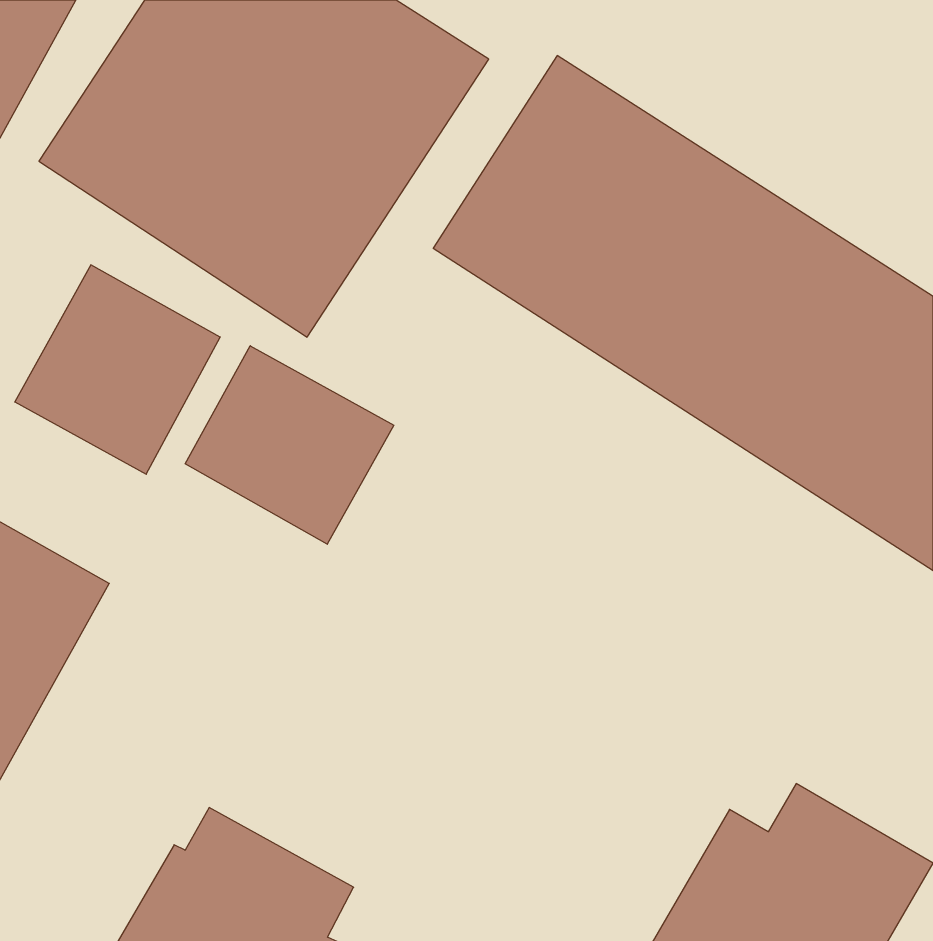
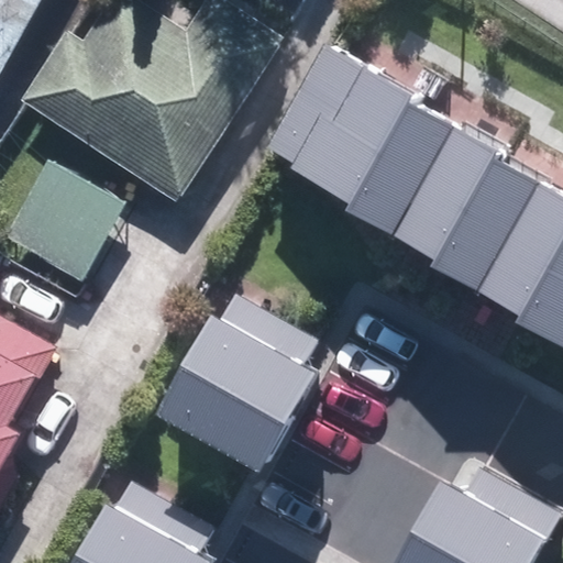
building: [185,346,394,544] -> none
building: none -> [148,296,311,476]

